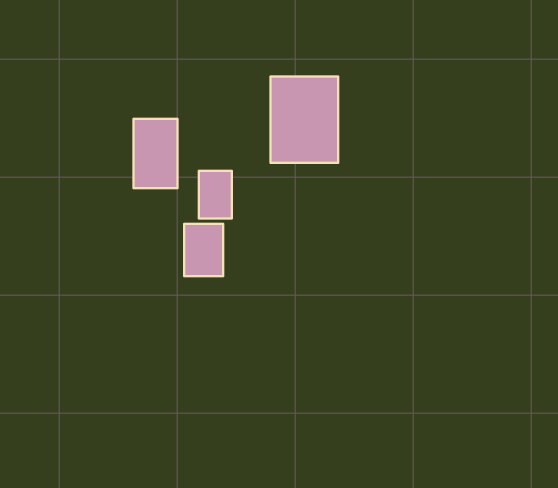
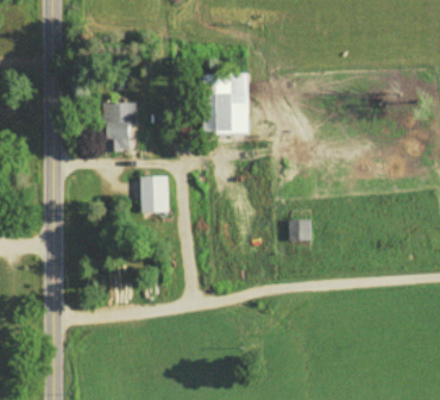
building: [199,171,232,218] -> none
building: none -> [288,219,310,242]

